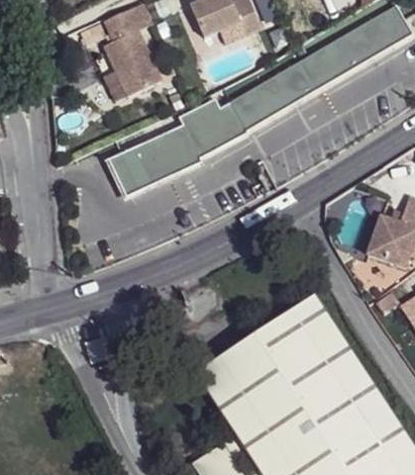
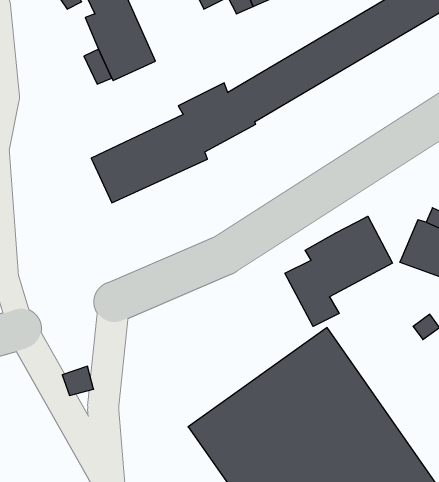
building: none -> [285,216,392,326]

